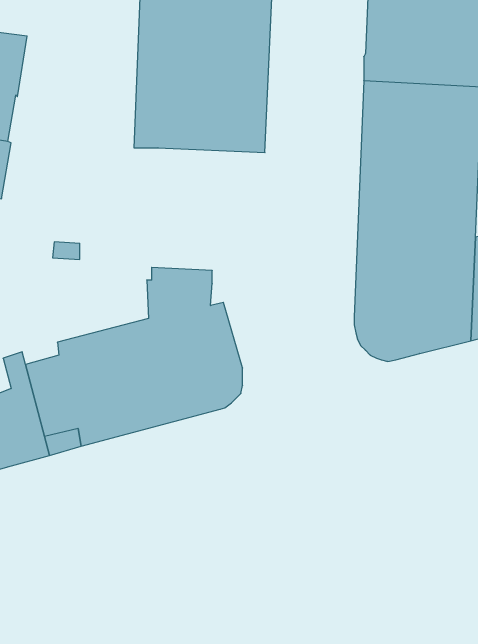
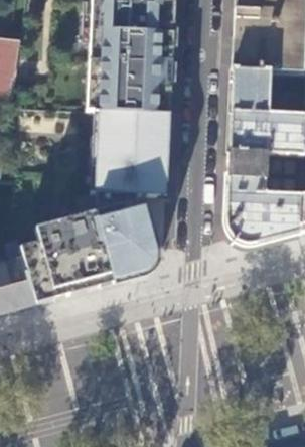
building: none -> [92,106,169,193]

